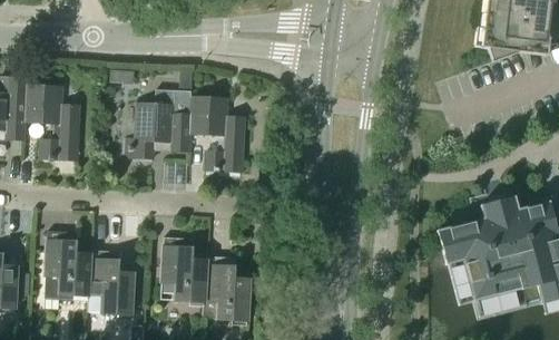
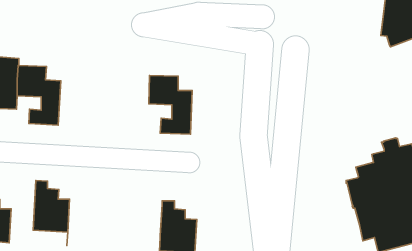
building: [126,89,192,158] -> none
building: [163,236,207,301] -> none
building: [88,249,134,313] -> none

